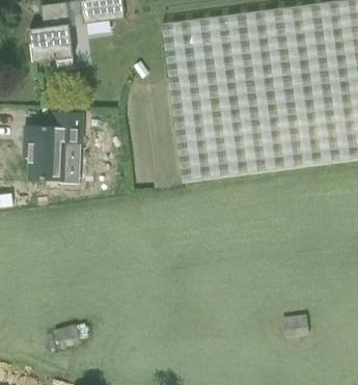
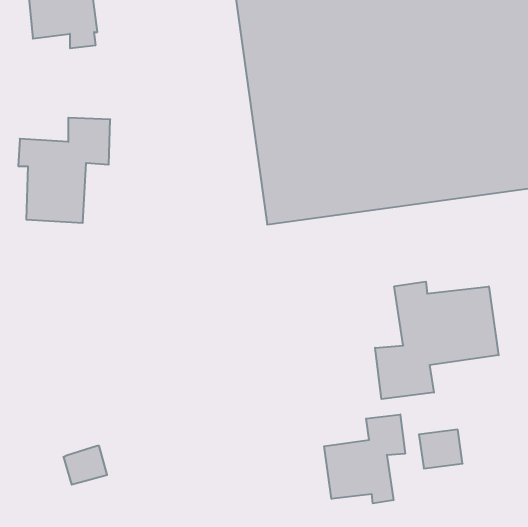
building: none -> [375,282,499,399]
building: none -> [324,414,405,503]

